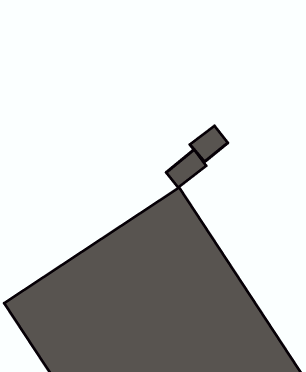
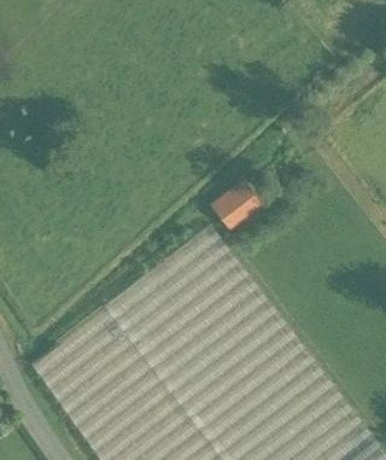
building: [190,126,228,162] -> none

